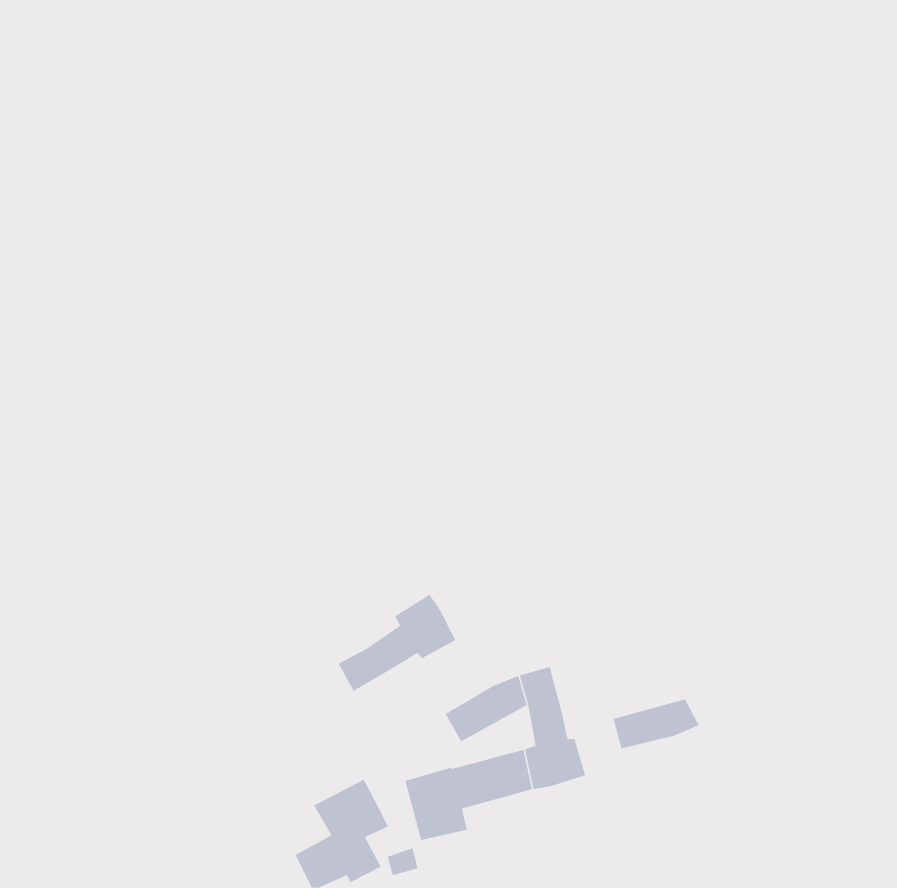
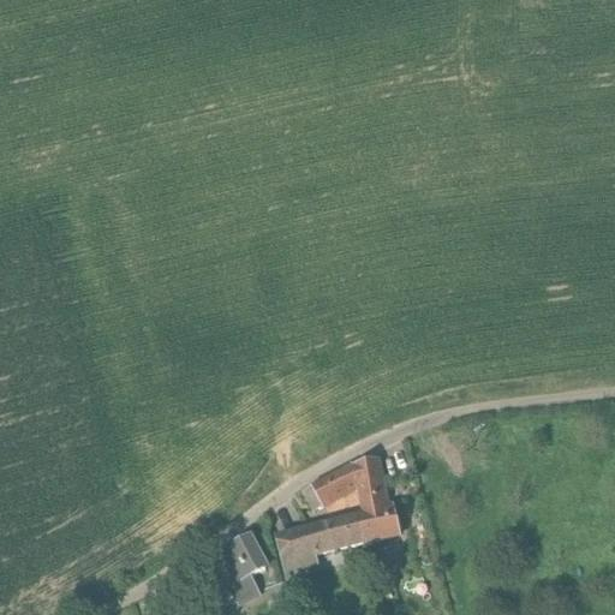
building: [338,594,456,692] -> none
building: [613,699,700,749] -> none

